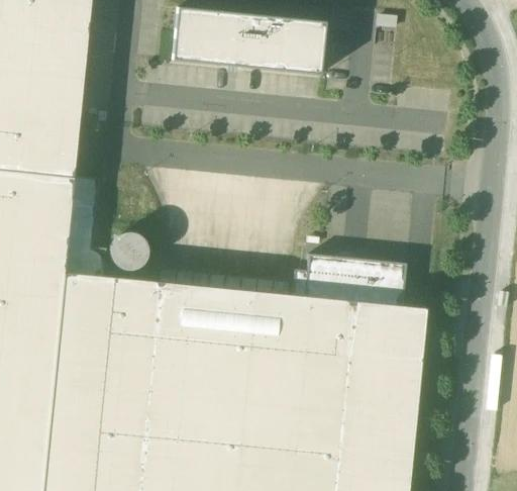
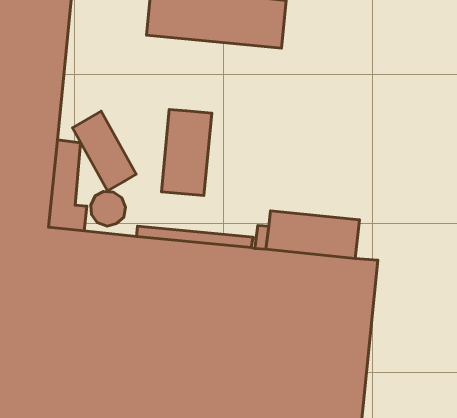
building: none -> [161,110,212,195]
building: none -> [72,111,136,191]

